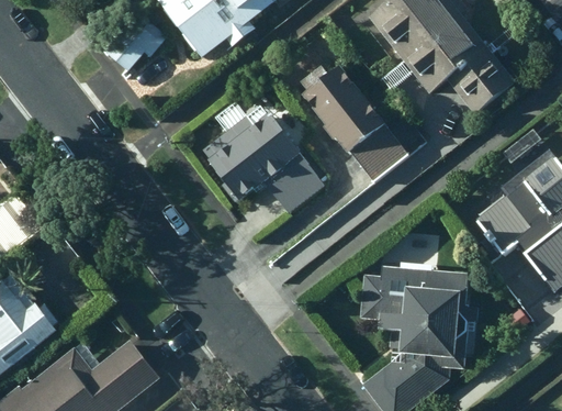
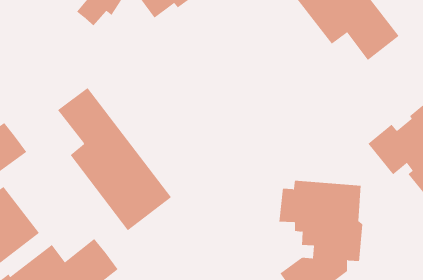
building: [304,66,407,180] -> none
building: [207,114,323,212] -> none
building: none -> [57,87,172,231]

